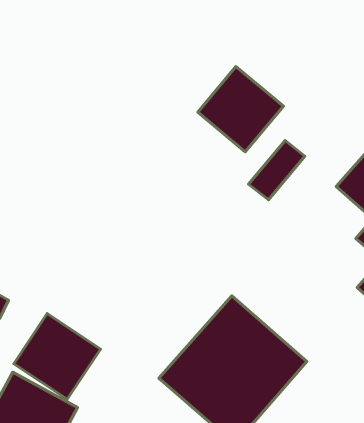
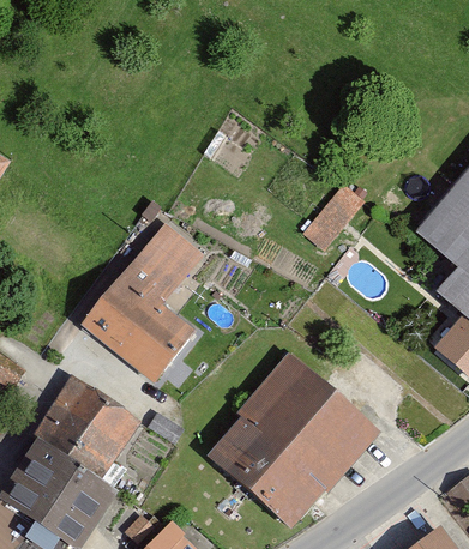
building: [198,67,283,152] -> none
building: none -> [80,217,212,380]

